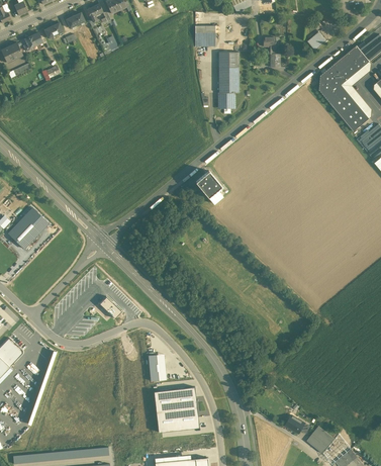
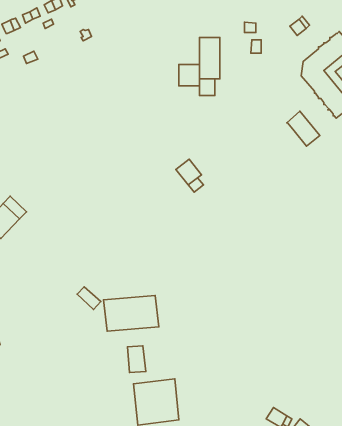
building: [194,25,214,46] -> [179,64,199,86]
building: none -> [287,111,320,146]
building: none -> [103,296,159,331]

